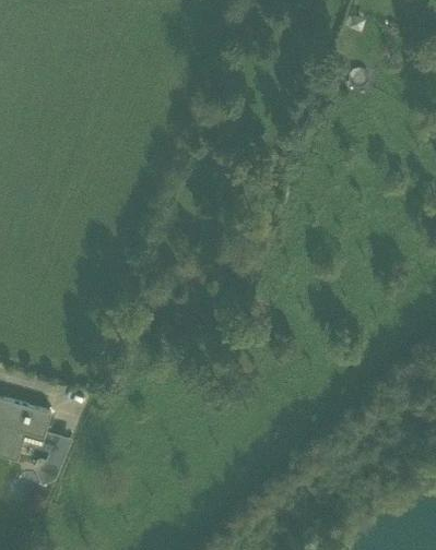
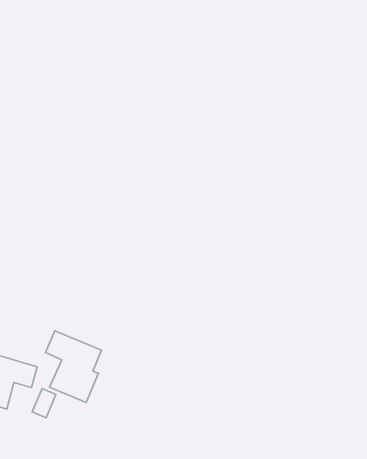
building: none -> [46,331,102,402]

